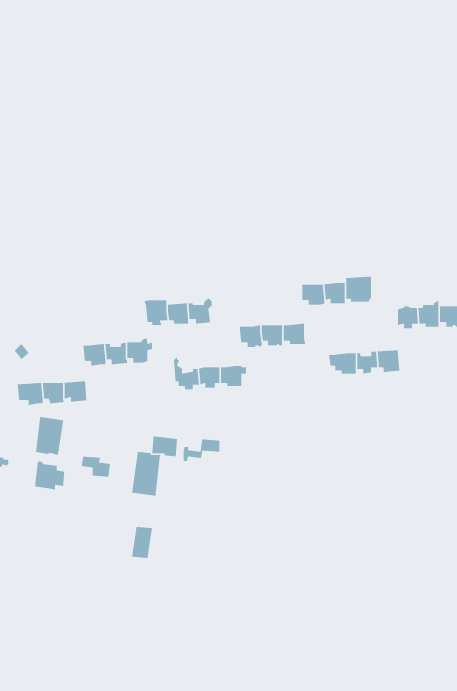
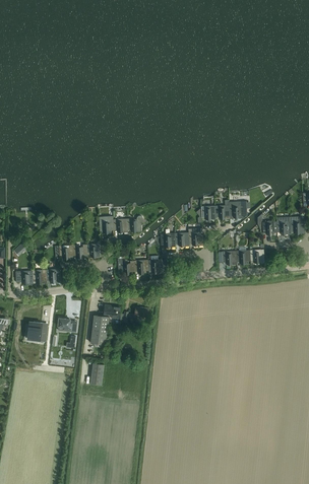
building: [35,416,64,456] -> none

